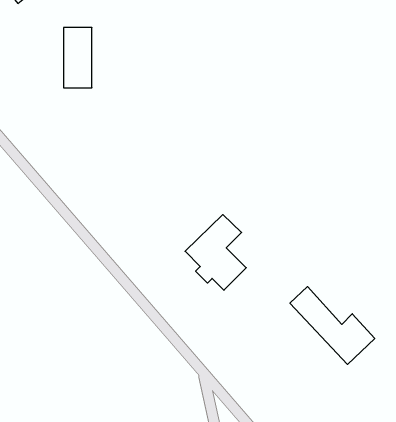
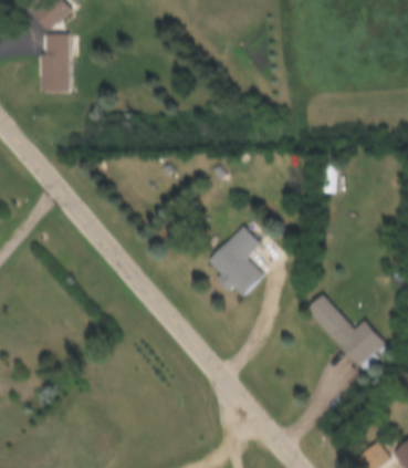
building: [64,28,92,88] -> [44,33,71,90]

